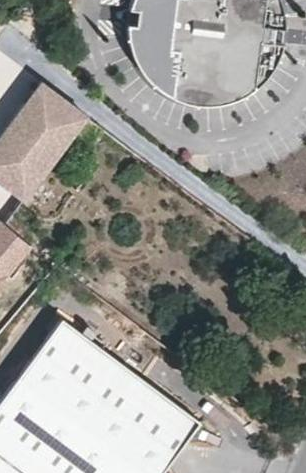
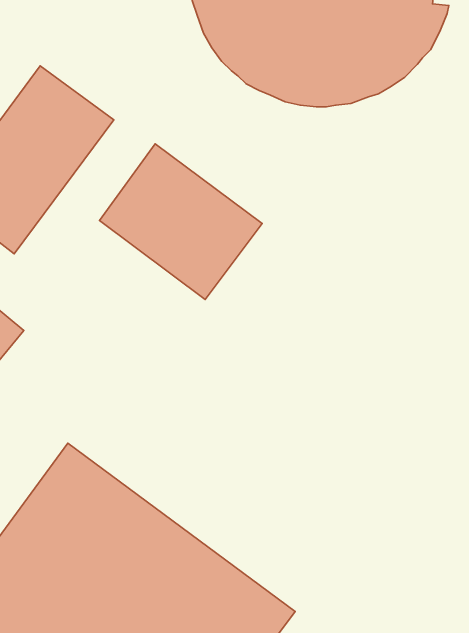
building: none -> [100,144,262,299]

